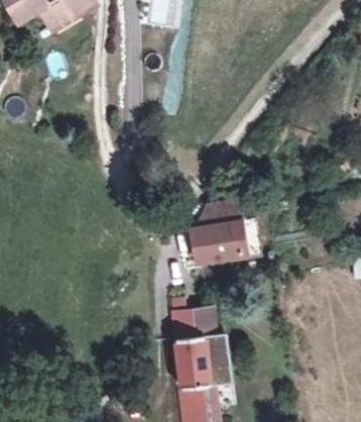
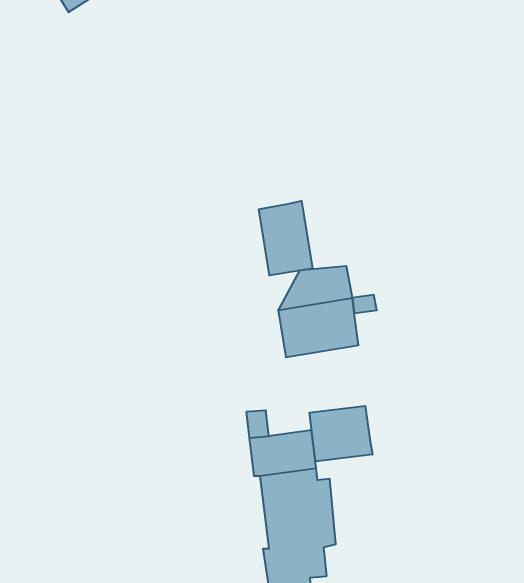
building: none -> [259,201,312,276]
building: none -> [309,406,372,462]

